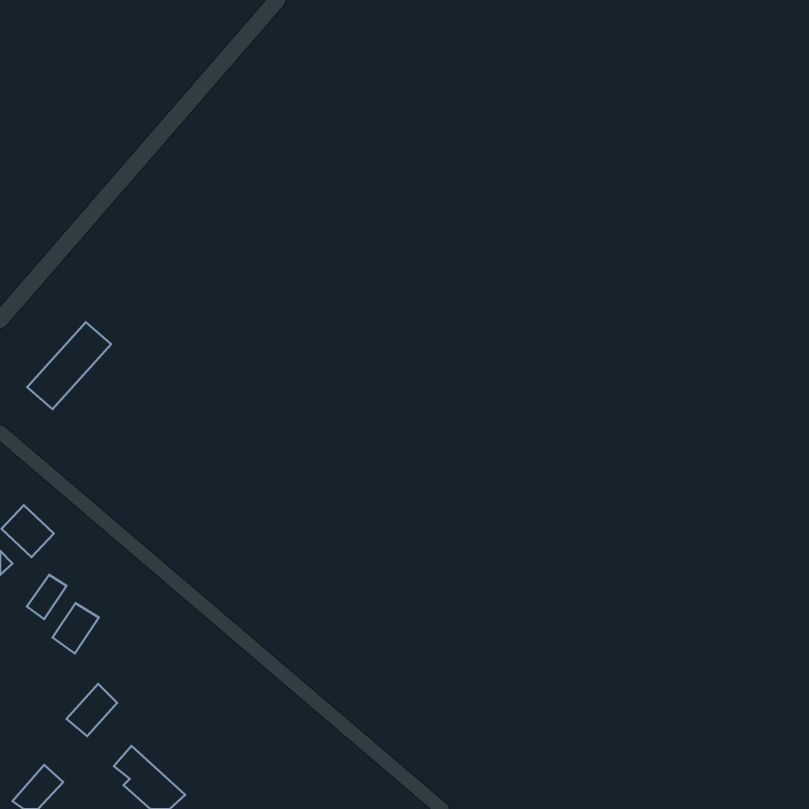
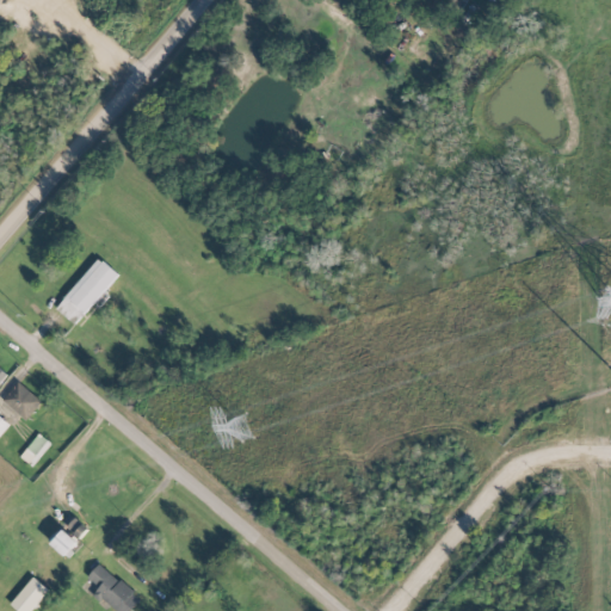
building: [27,322,111,409] -> [55,258,118,323]
building: [52,603,99,654] -> none

